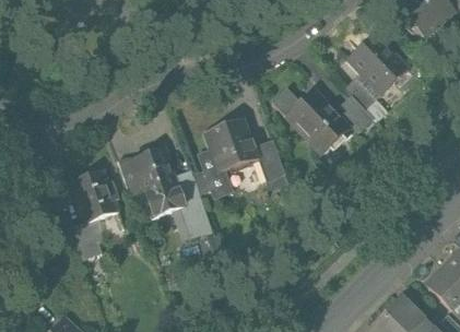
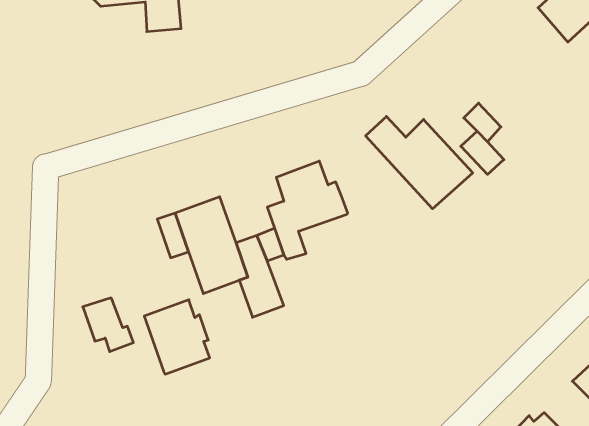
building: [347,32,409,90] -> none
building: [255,139,286,182] -> none
building: [71,167,119,222] -> [144,300,210,374]

